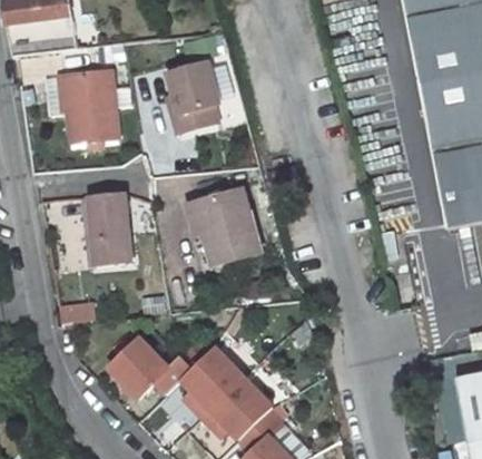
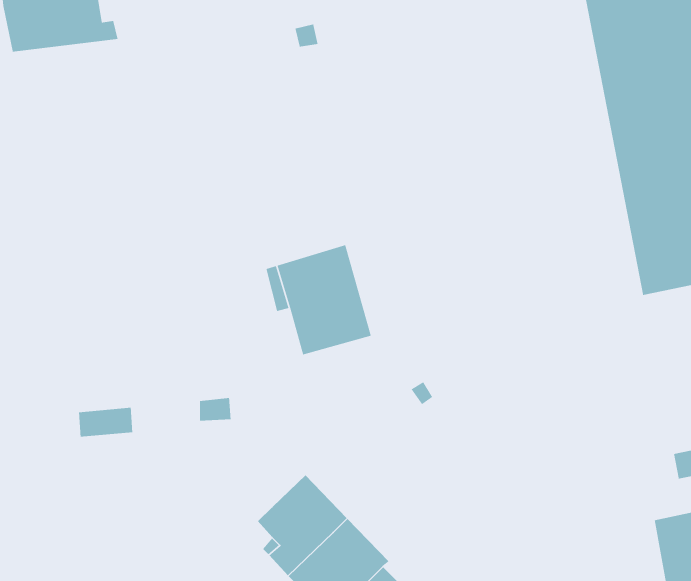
building: [167,61,219,131] -> none
building: [65,70,118,140] -> none
building: [88,192,131,265] -> none
building: [110,339,191,399] -> none

